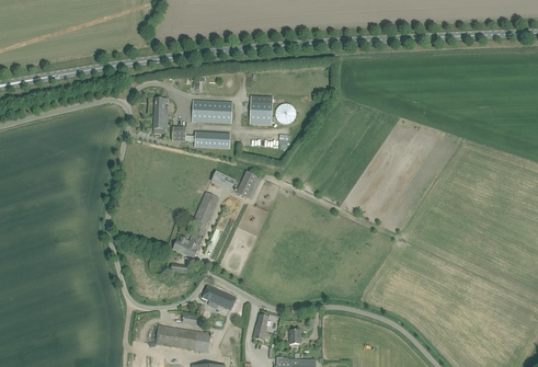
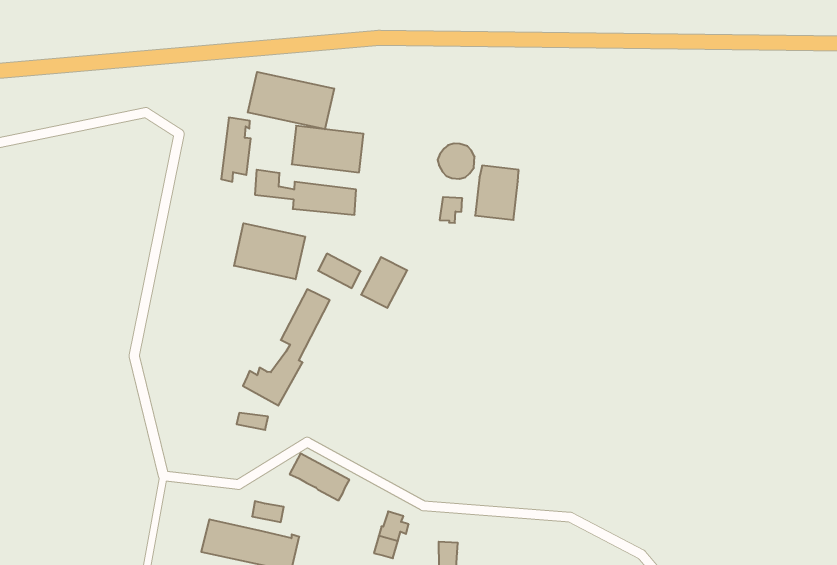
building: none -> [248,72,334,129]
building: [249,95,272,125] -> [475,166,519,220]
building: none -> [234,223,305,279]

